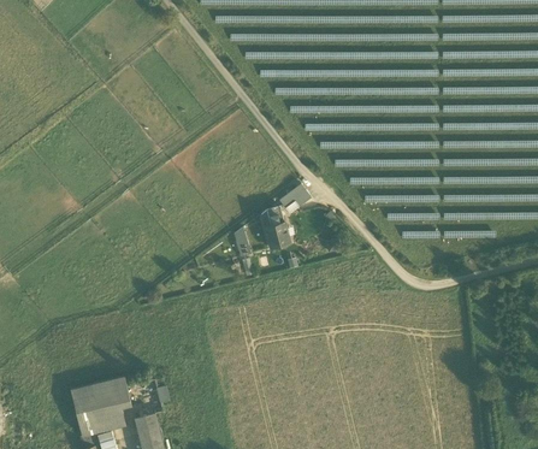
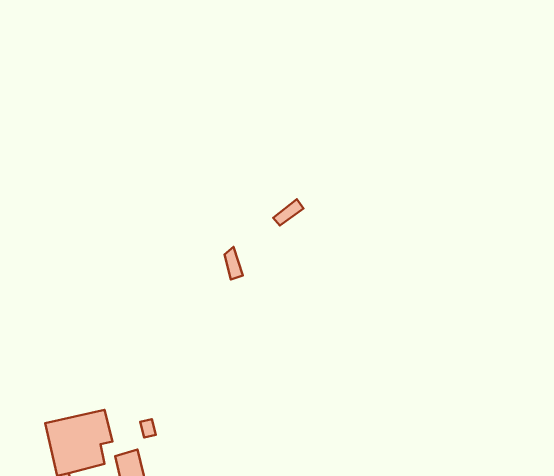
building: [265,206,290,250] -> none

